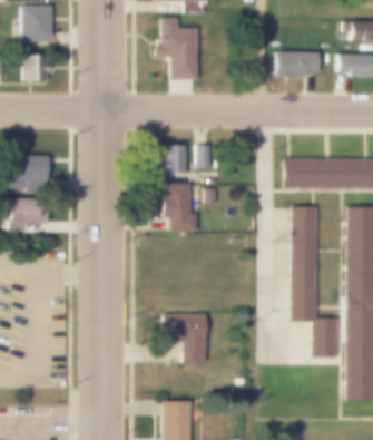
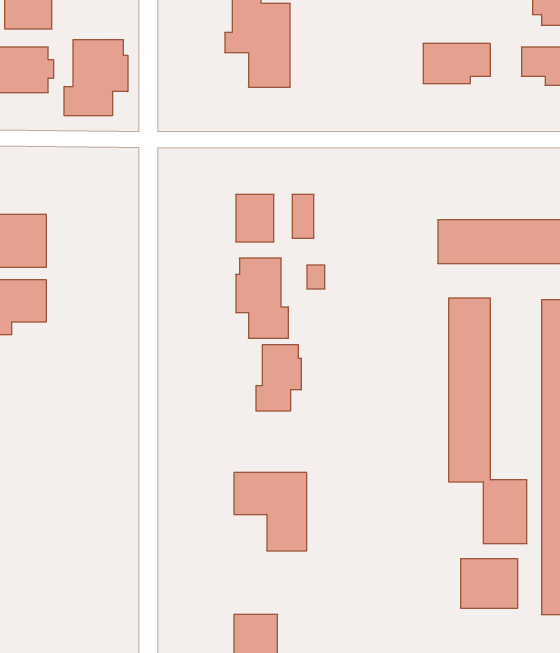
building: none -> [64,40,128,116]
building: none -> [256,345,301,411]
building: none -> [461,559,518,608]

